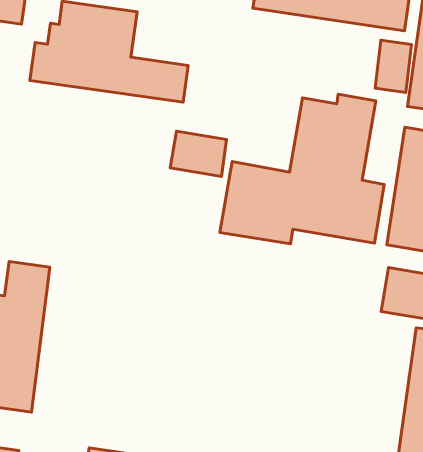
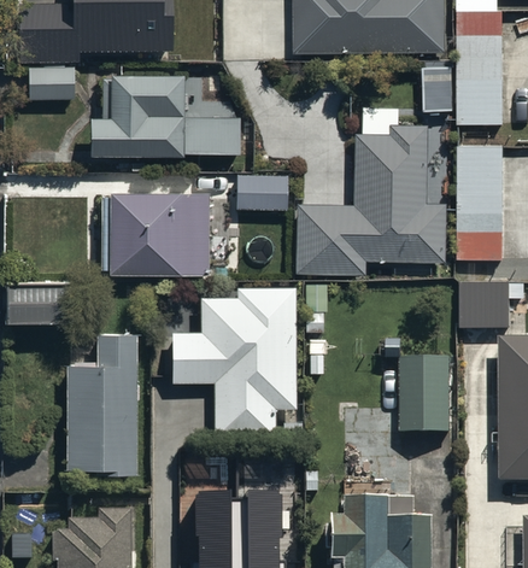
building: none -> [99,191,210,274]
building: none -> [172,286,295,435]
building: none -> [386,339,452,437]

